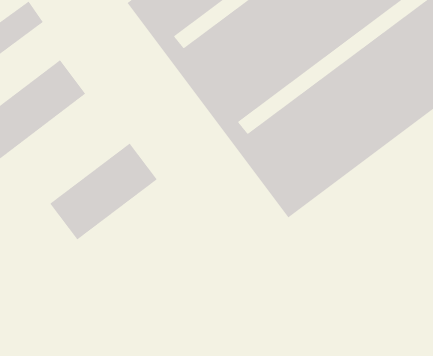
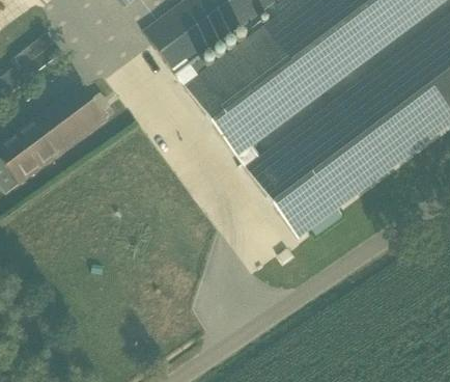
building: [49,142,158,240] -> none

